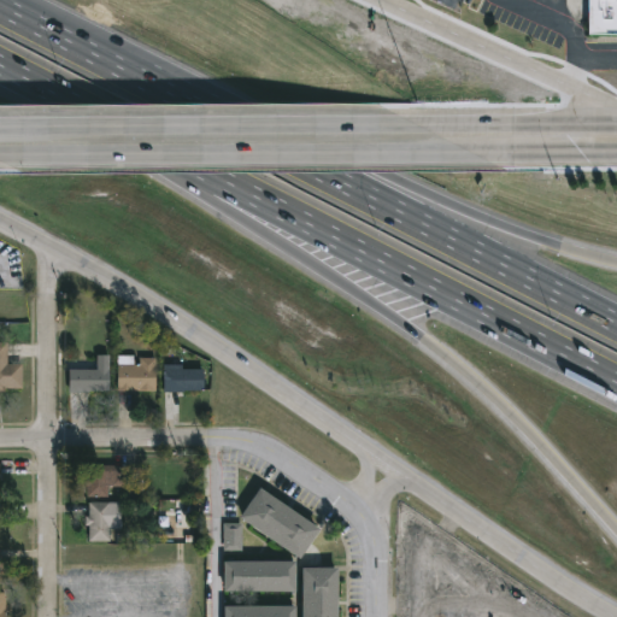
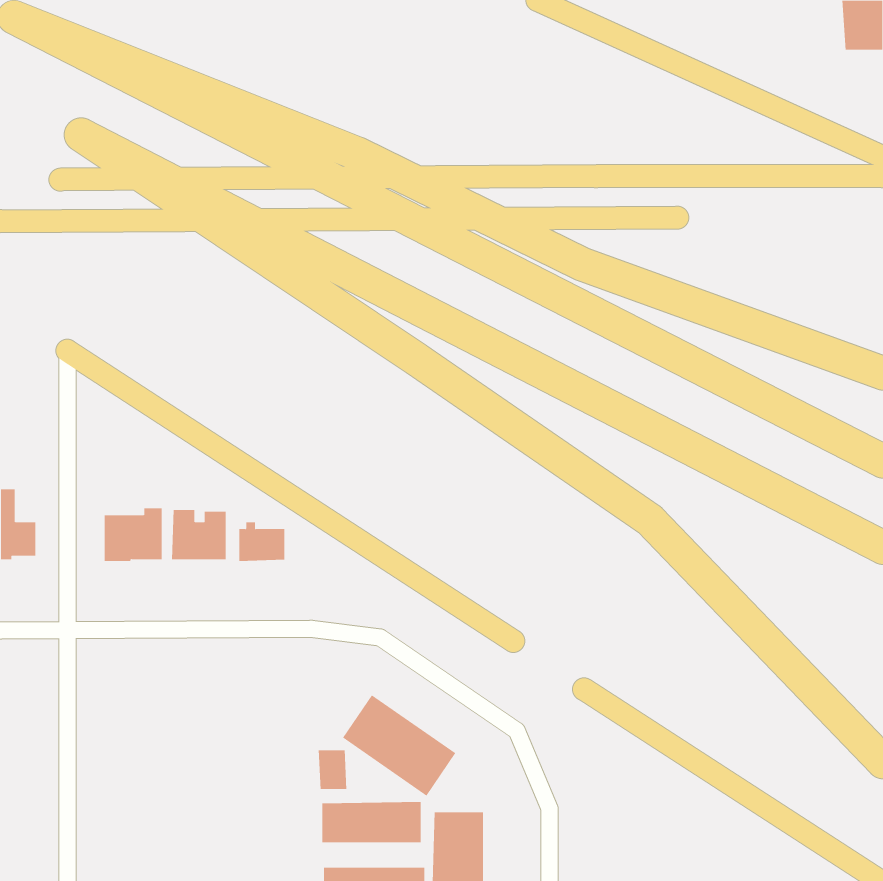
building: [87,466,127,498] -> none
building: [88,504,119,542] -> none

